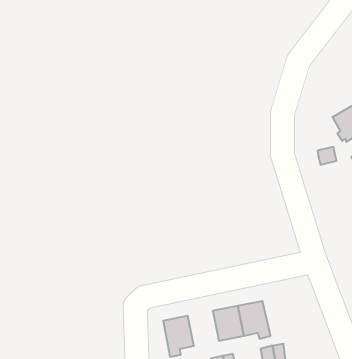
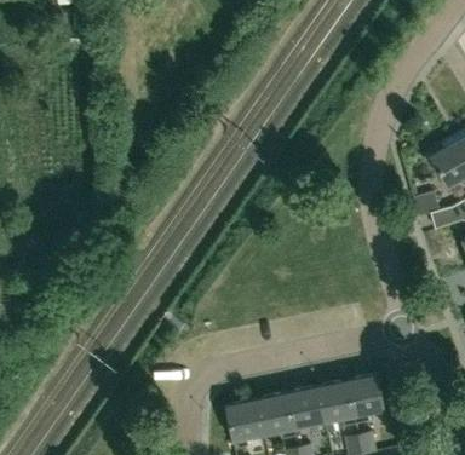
building: none -> [348,375,386,424]
building: none -> [257,393,297,439]

